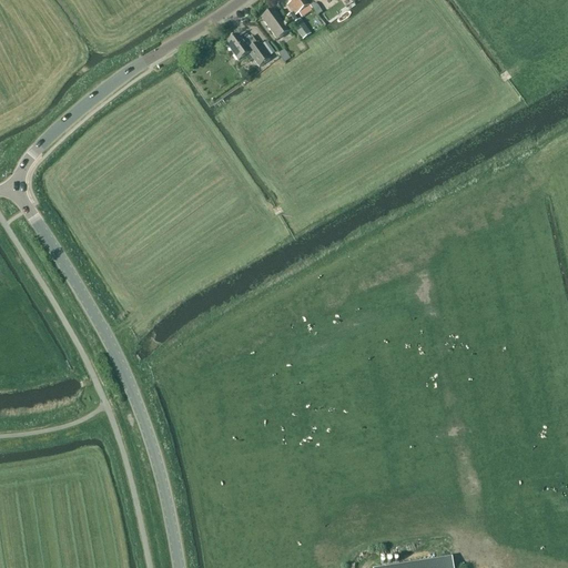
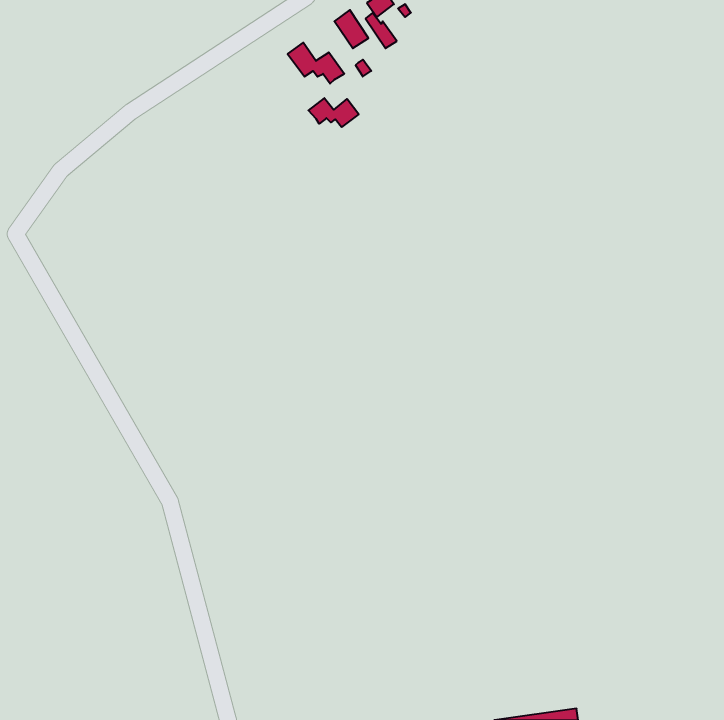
building: none -> [308,98,359,127]

